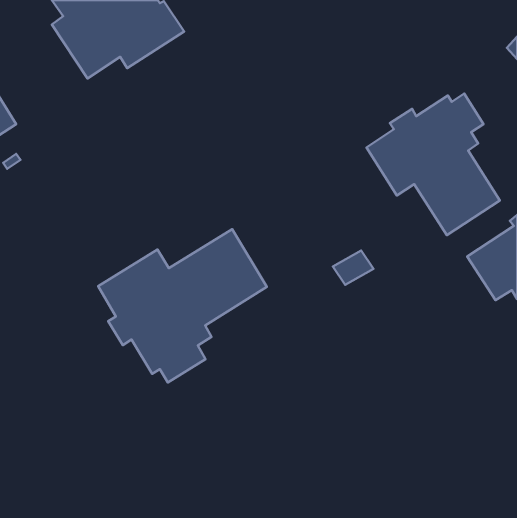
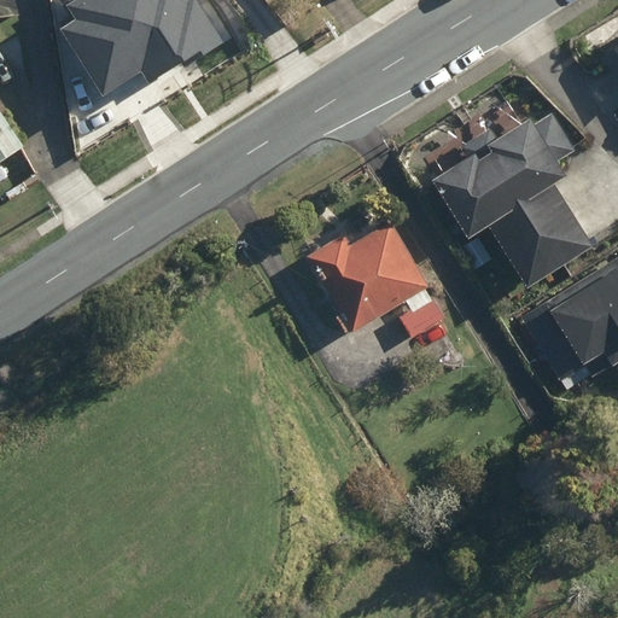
building: none -> [303,222,426,333]
building: [98,229,267,383] -> none

